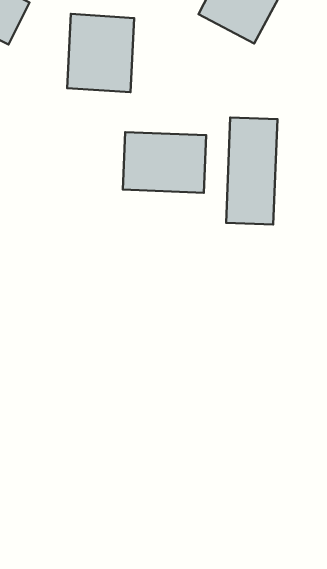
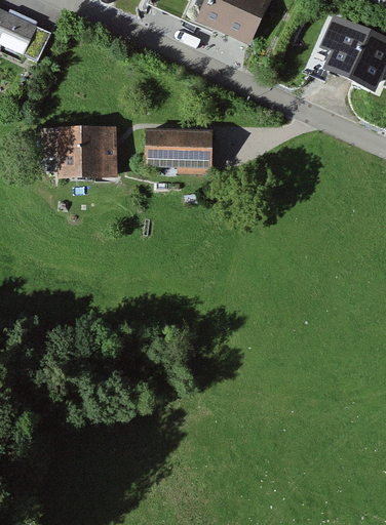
building: [67,14,134,92] -> [57,121,115,187]
building: [226,118,277,225] -> none

